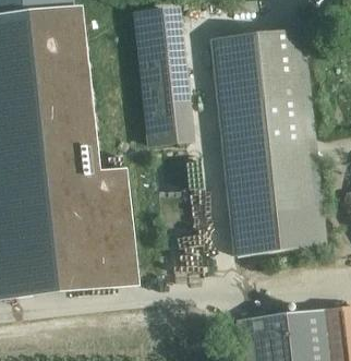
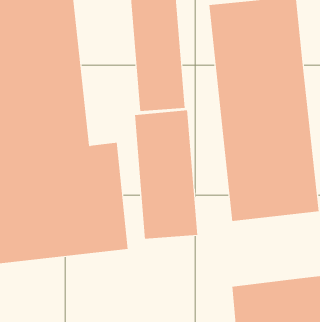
building: none -> [135,110,198,239]

